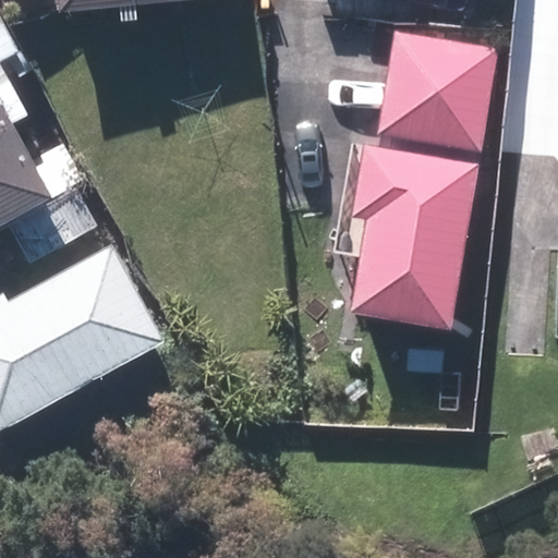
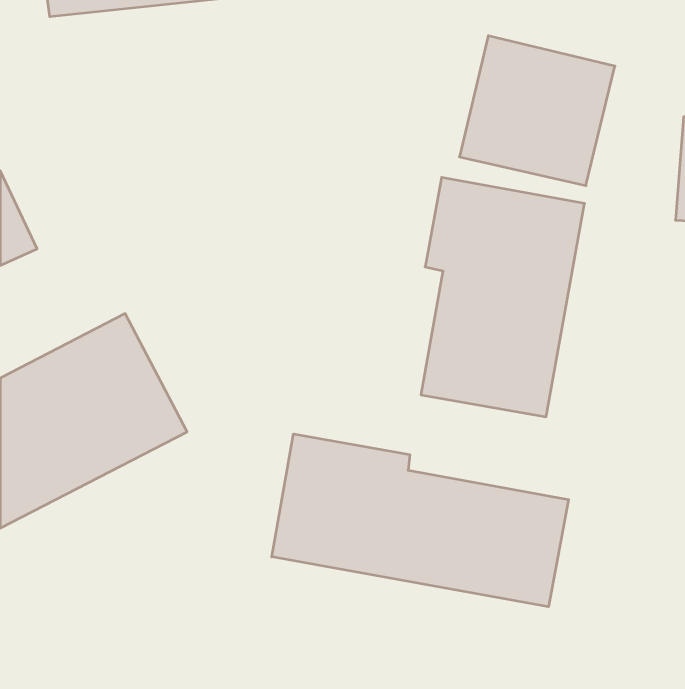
building: none -> [272,434,569,607]

